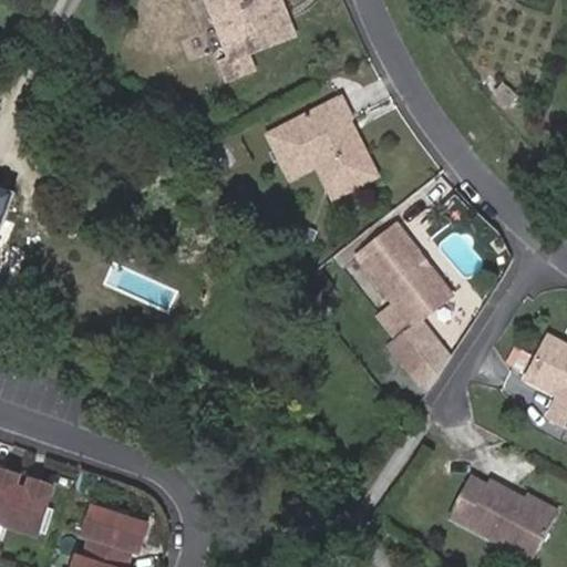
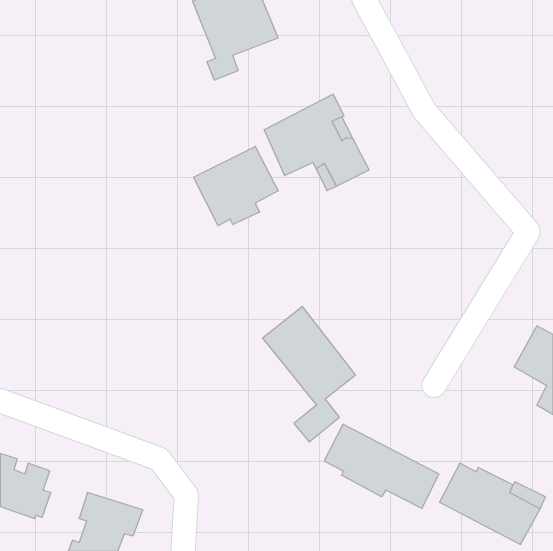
building: none -> [194,146,278,226]
building: [348,226,443,364] -> [263,307,356,442]
building: none -> [324,424,439,509]

